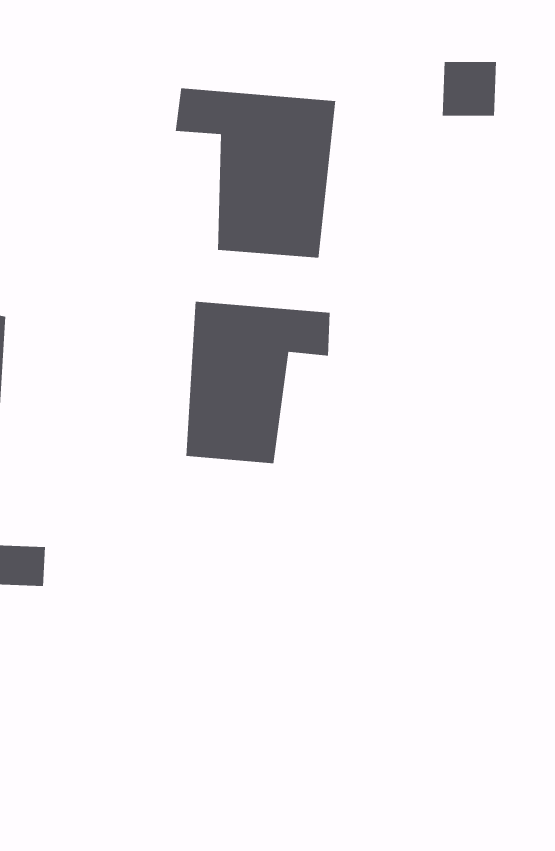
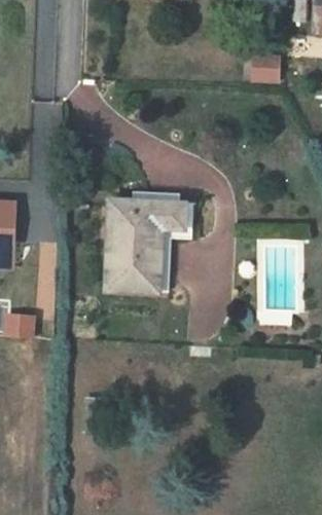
building: [175,87,336,259] -> none

